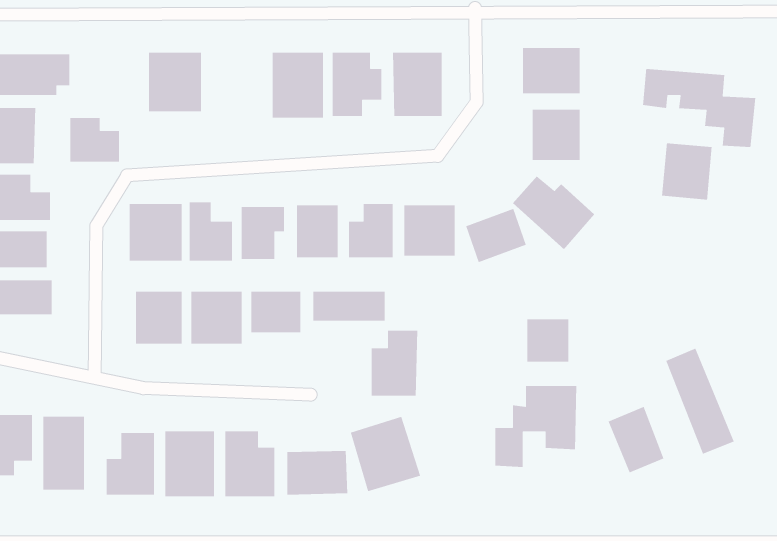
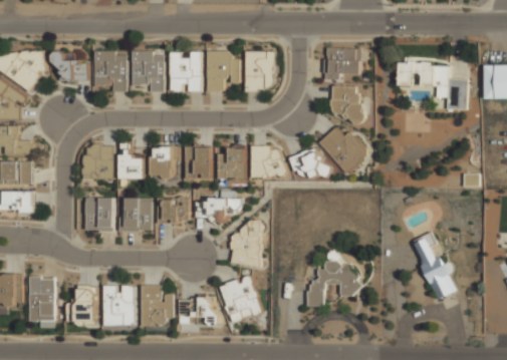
building: none -> [132,51,164,92]
building: [70,117,120,163] -> [56,53,87,81]
building: [661,142,713,200] -> none
building: [526,318,569,363] -> none
building: [607,406,665,474] -> none

